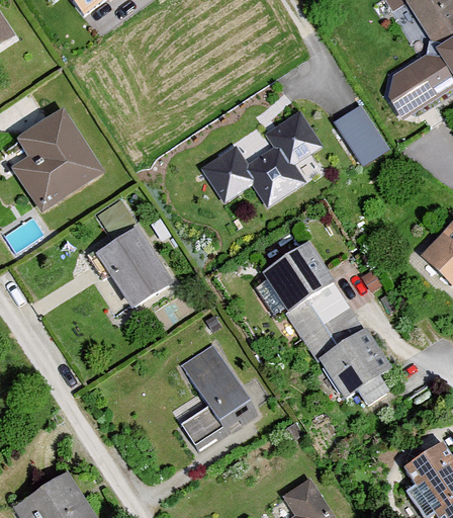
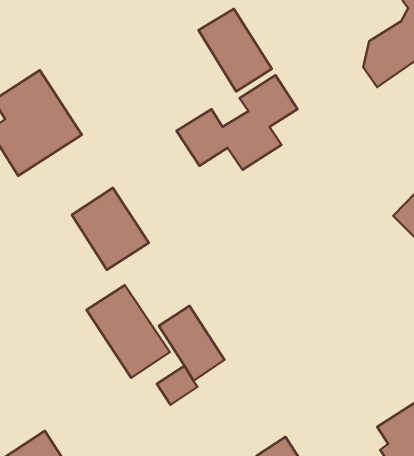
building: none -> [198,9,272,91]
building: [334,104,390,167] -> none
building: [261,241,392,407] -> none
building: none -> [87,285,170,378]

